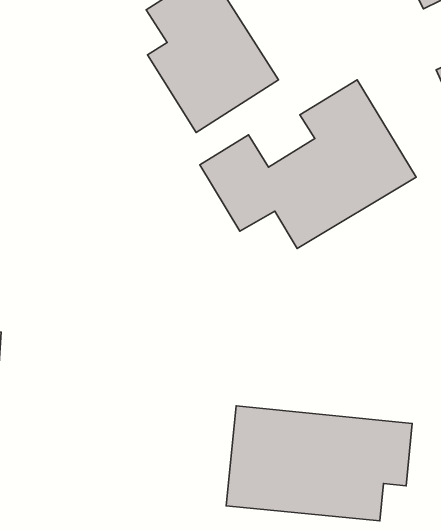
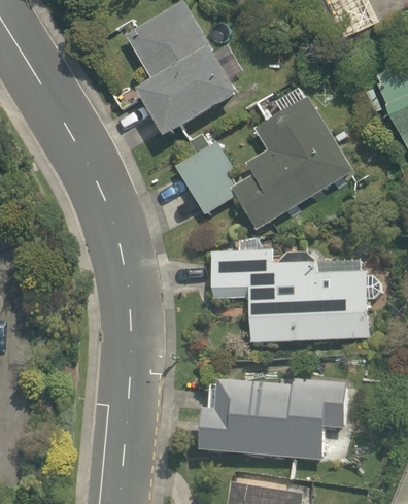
building: none -> [207,250,367,345]

